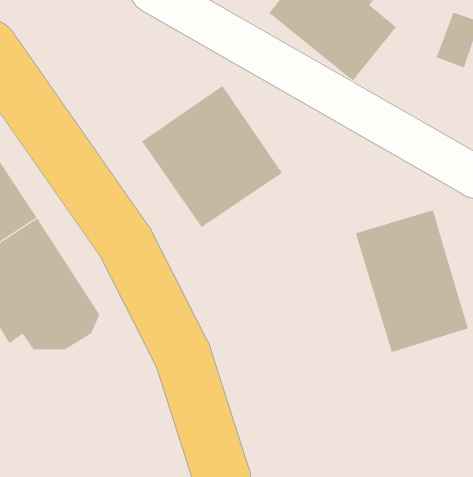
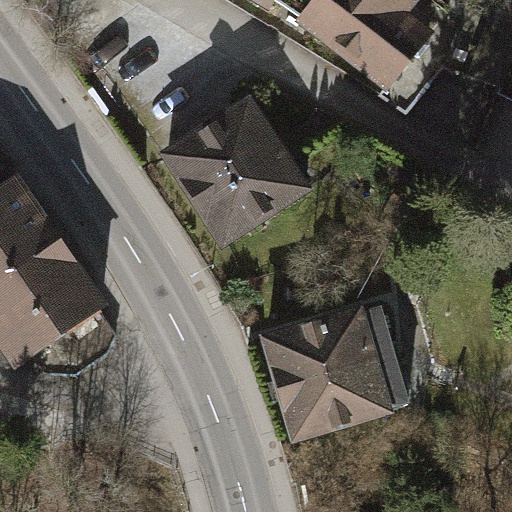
building: [355,210,468,353] -> none
building: none -> [264,297,408,433]

